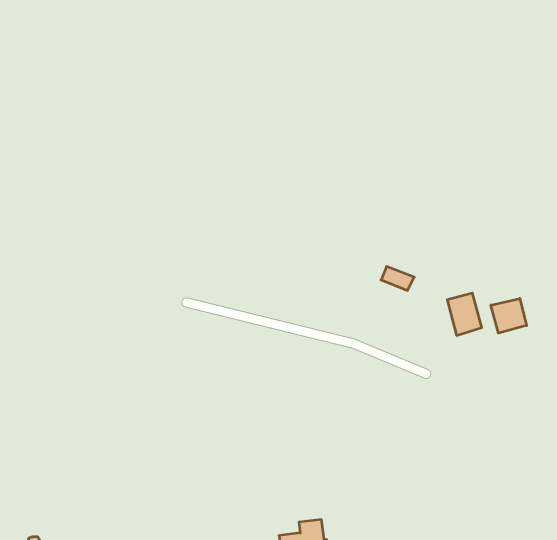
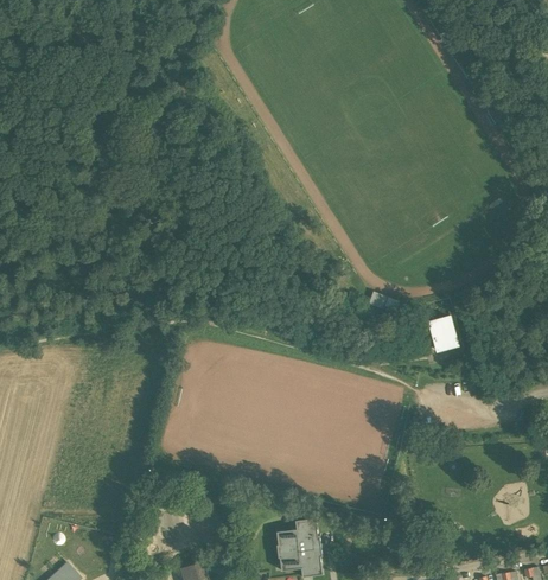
building: [491,298,527,333] -> none

